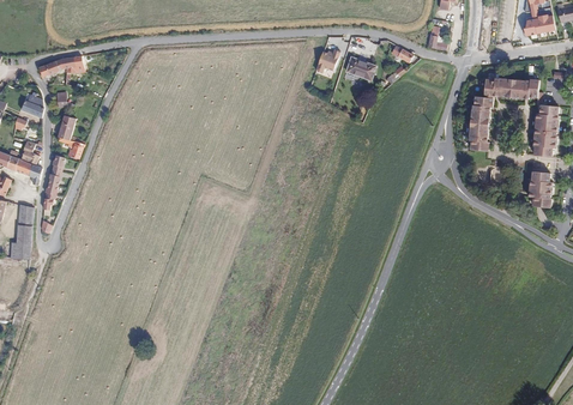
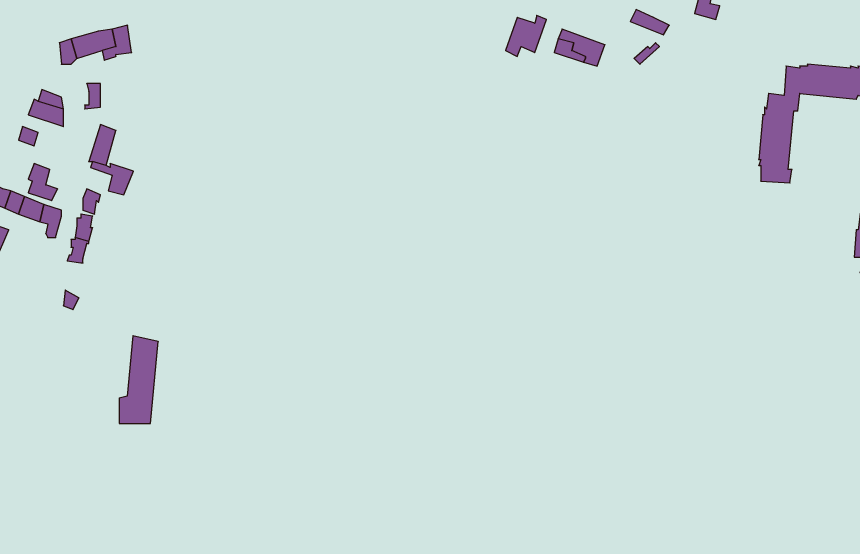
building: [10,204,34,258] -> [119,336,158,423]

